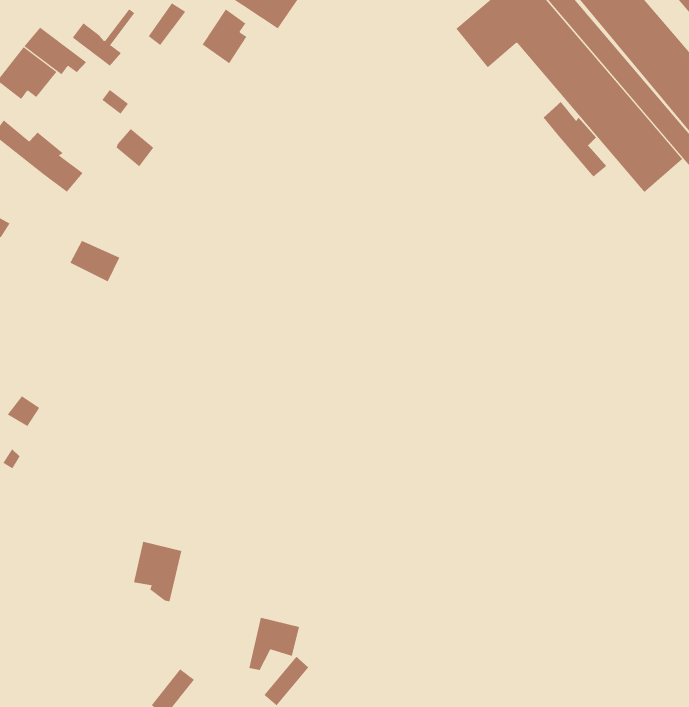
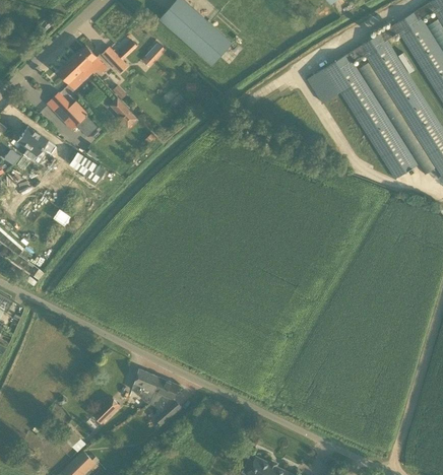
building: [202,8,247,64] -> none
building: [543,101,607,178] -> none
building: [133,541,182,602] -> [130,369,159,404]

